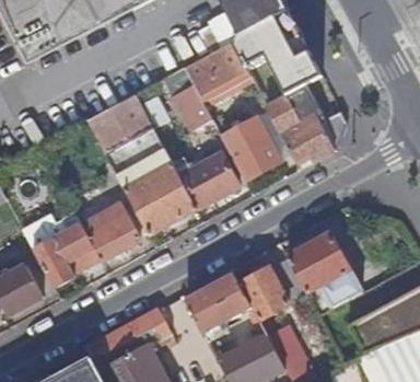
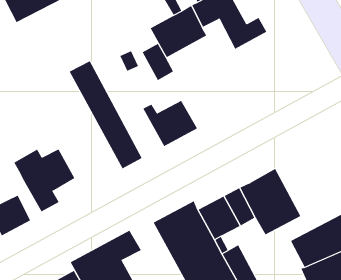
building: [264,83,335,170] -> none
building: [110,93,198,222] -> none
building: [220,117,280,181] -> none
building: [74,197,139,262] -> none

